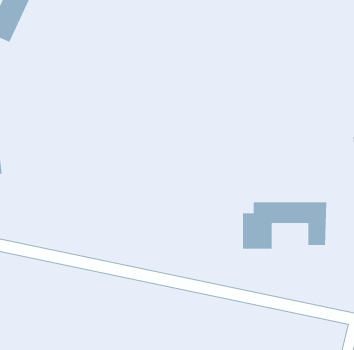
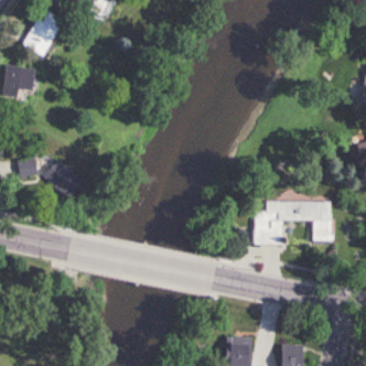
building: none -> [41,159,82,200]

